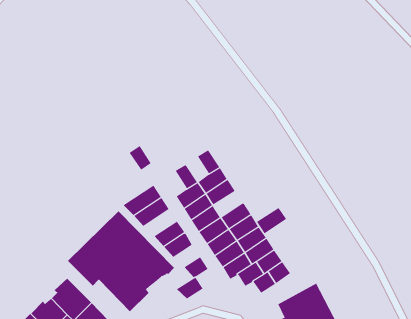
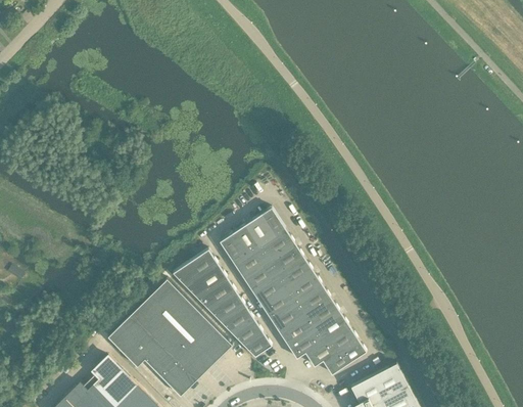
building: [128,145,151,170] -> [220,233,246,263]
building: none -> [245,217,272,246]
building: [256,208,287,234] -> [277,257,313,287]
building: none -> [196,278,236,309]
building: [176,277,204,299] -> [231,319,263,345]

